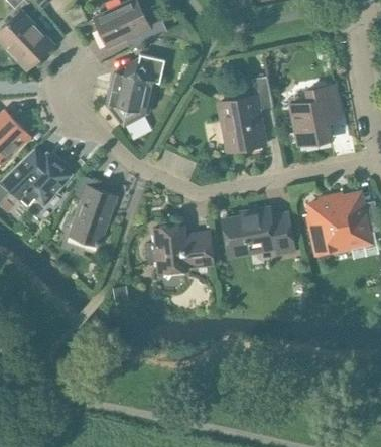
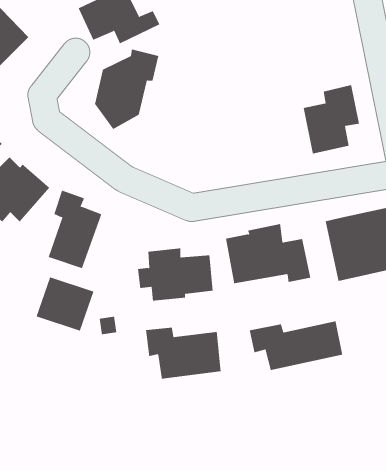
building: [219,78,273,152] -> none
building: none -> [36,276,94,332]
building: none -> [249,321,343,371]
building: none -> [145,327,221,380]

